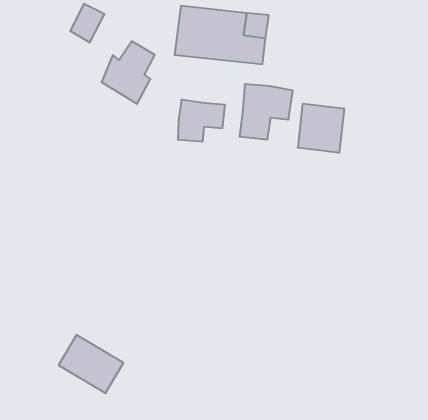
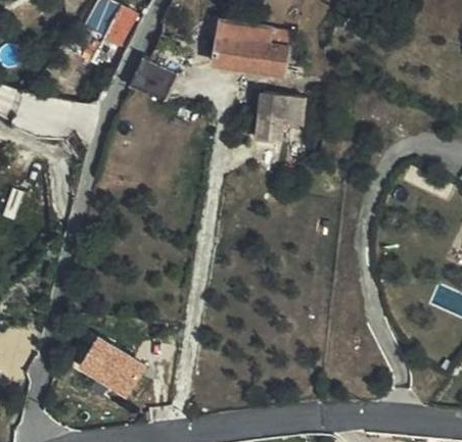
building: [178,99,225,142] -> none
building: [298,104,344,153] -> none

